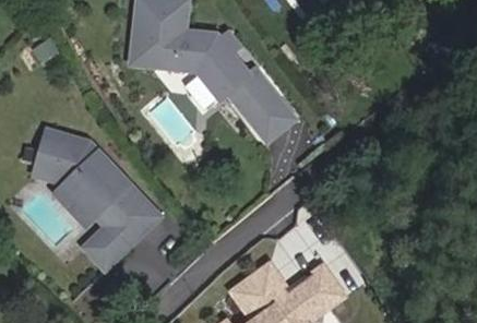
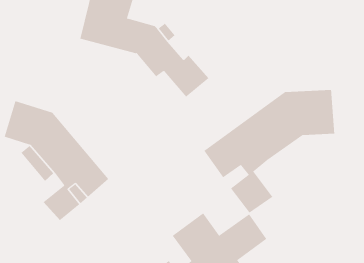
building: [249,104,294,147] -> none
building: none -> [204,89,335,213]

